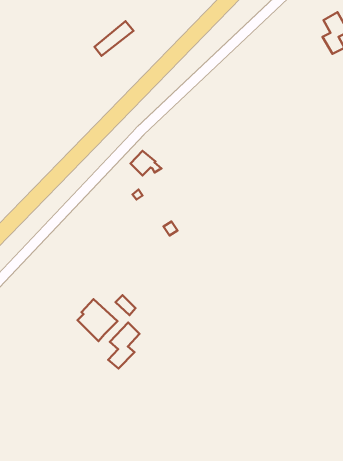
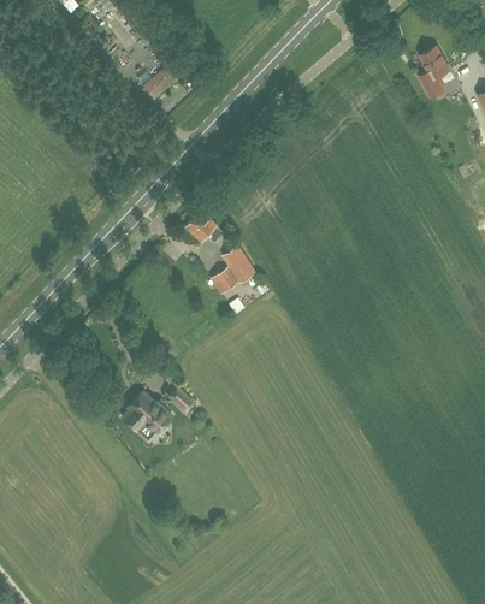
building: none -> [211,247,254,294]
building: [108,323,140,369] -> none

